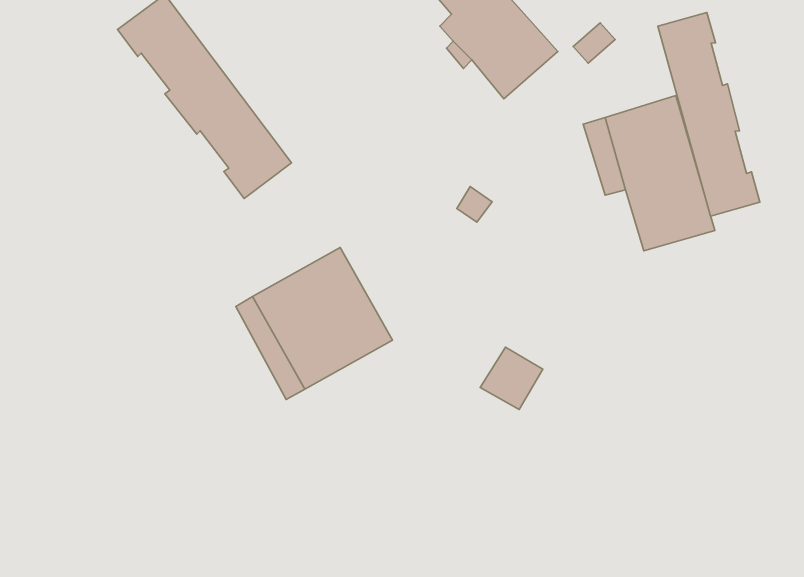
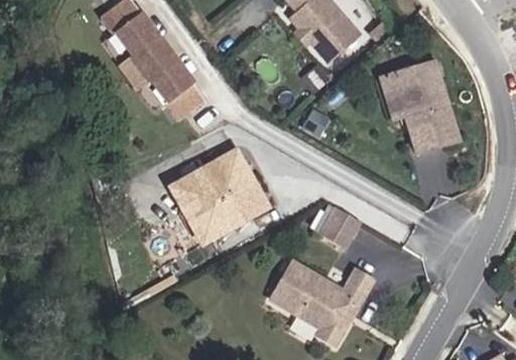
building: [658,12,760,216] -> none
building: none -> [270,259,372,342]

